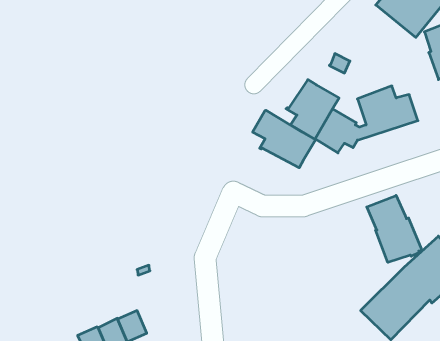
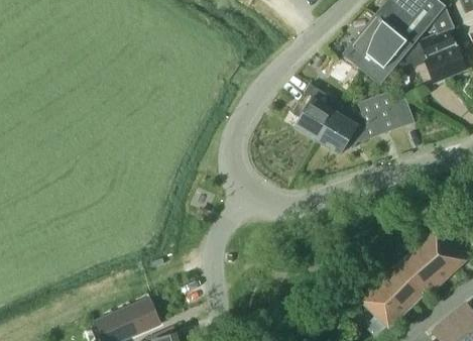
building: none -> [342,14,412,84]
building: [253,110,316,168] -> none
building: [367,195,422,262] -> none

